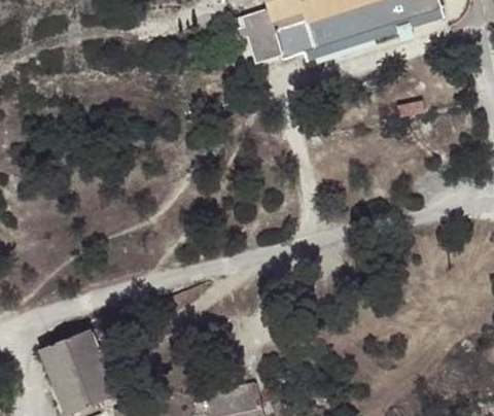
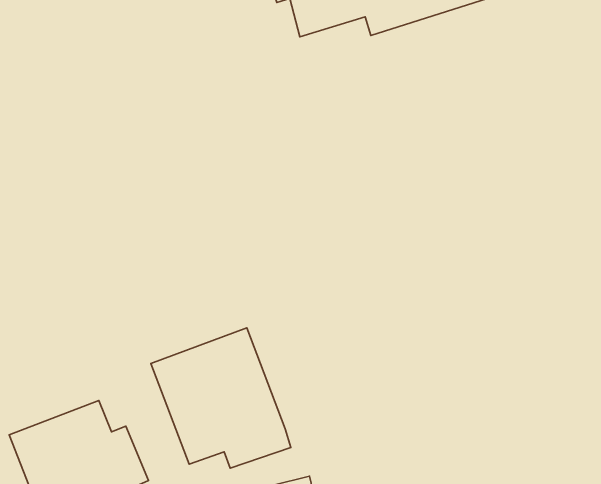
building: none -> [151,328,291,468]

